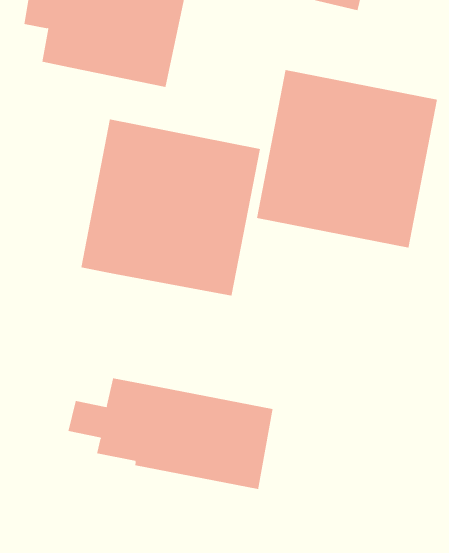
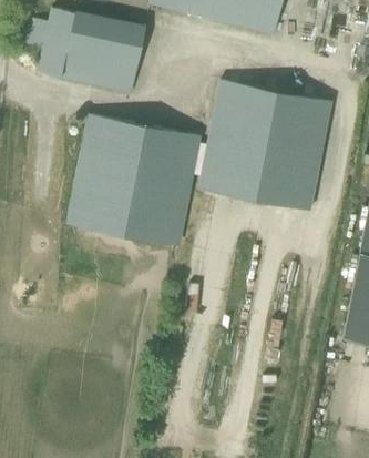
building: [68,378,273,490] -> none

